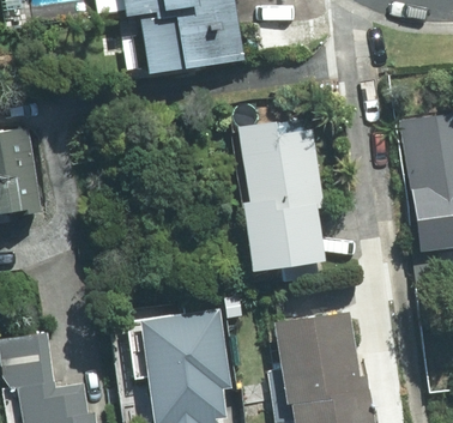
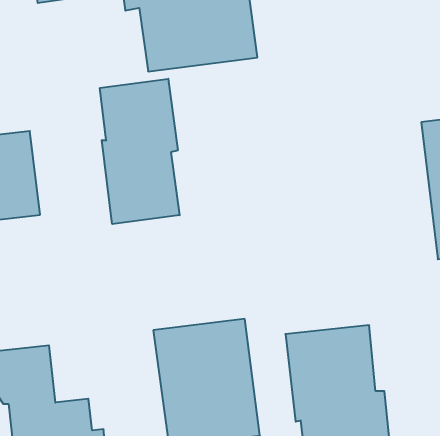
building: none -> [100,79,180,224]
building: [235,121,324,270] -> none

